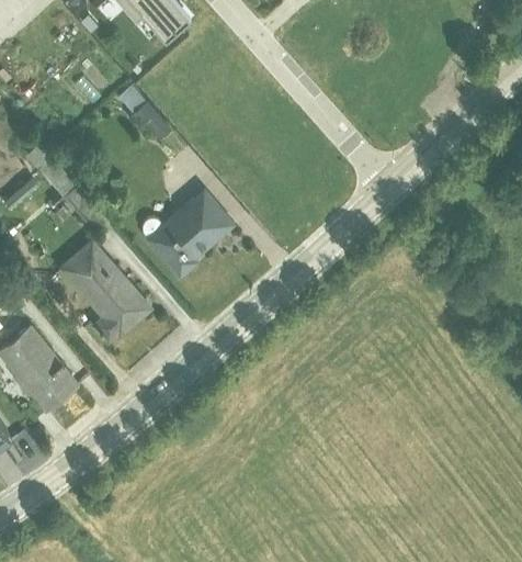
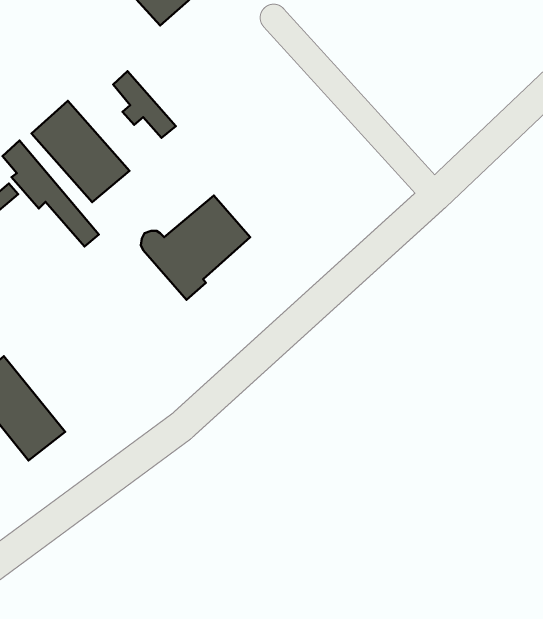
building: none -> [32,101,129,202]
building: [58,240,147,340] -> none

